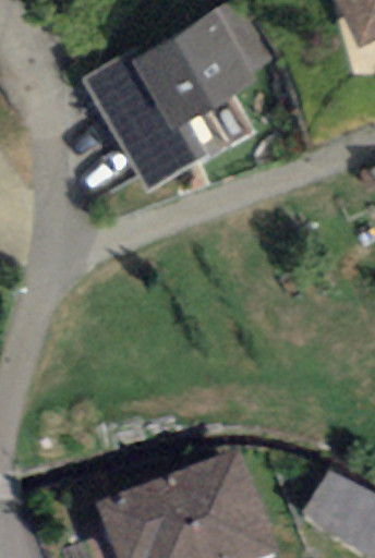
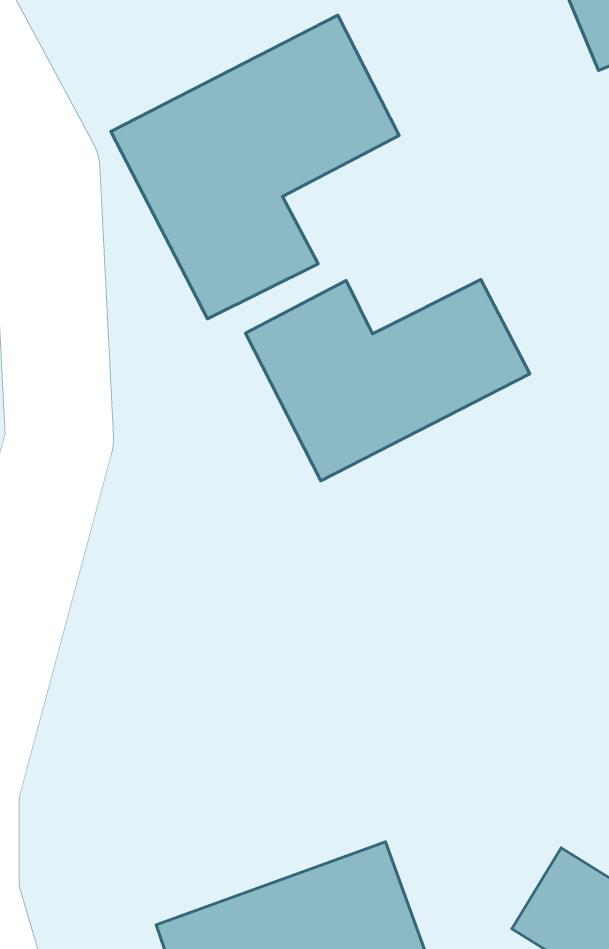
building: none -> [245,280,530,481]

